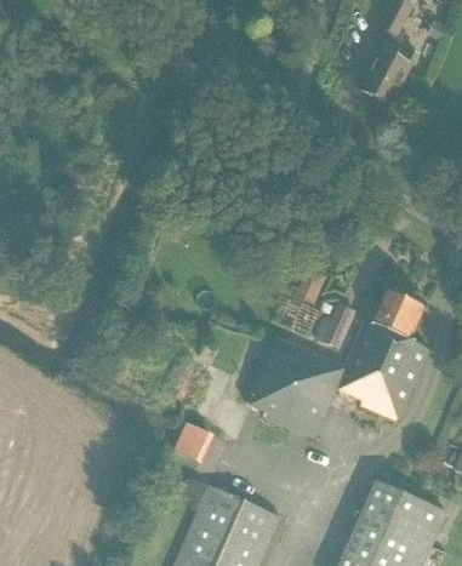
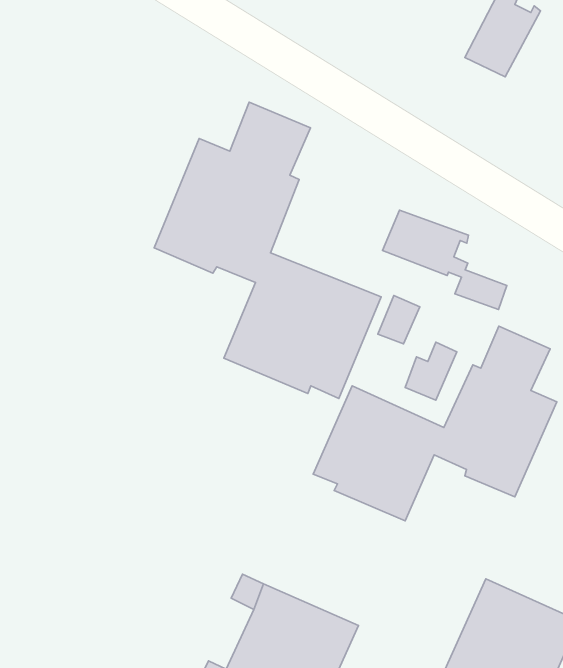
building: none -> [154,102,381,398]
building: none -> [383,210,507,310]
building: [176,423,215,463] -> none

